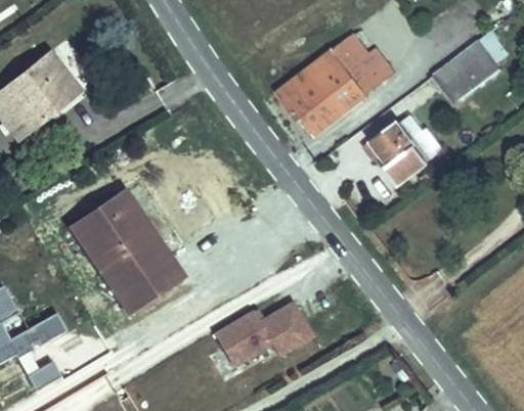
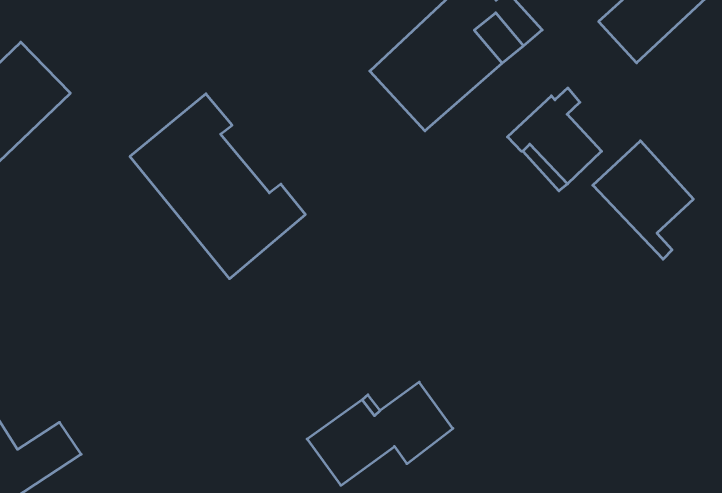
building: none -> [593,141,693,259]
building: [71,189,183,313] -> [130,94,305,279]

